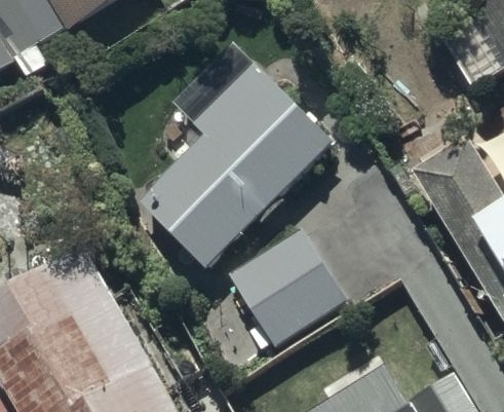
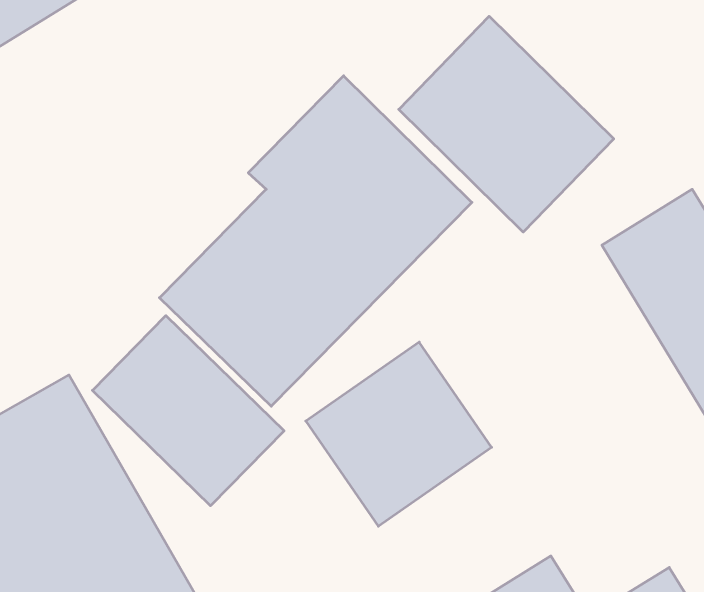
building: none -> [399,16,614,232]
building: none -> [92,316,284,506]

